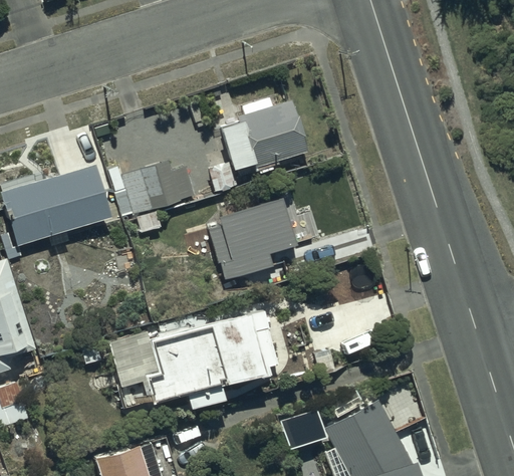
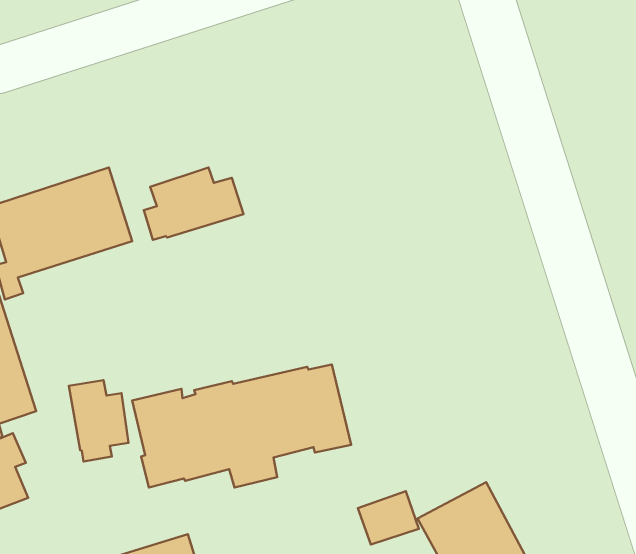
building: [209,97,306,191] -> none
building: [188,188,303,288] -> none
building: none -> [69,380,129,462]

